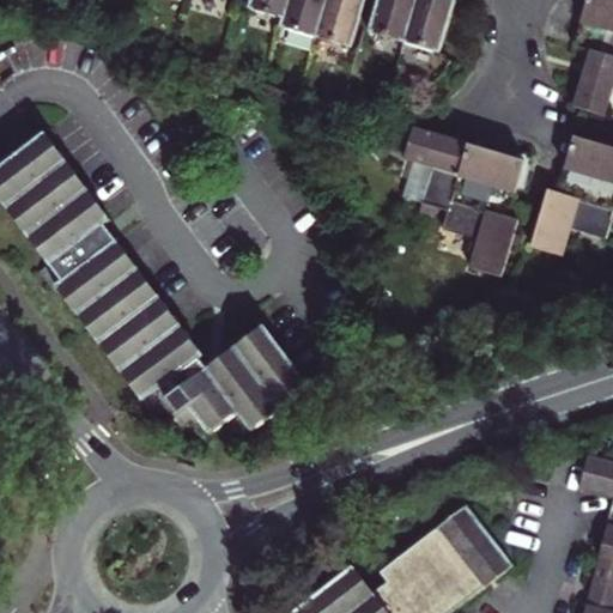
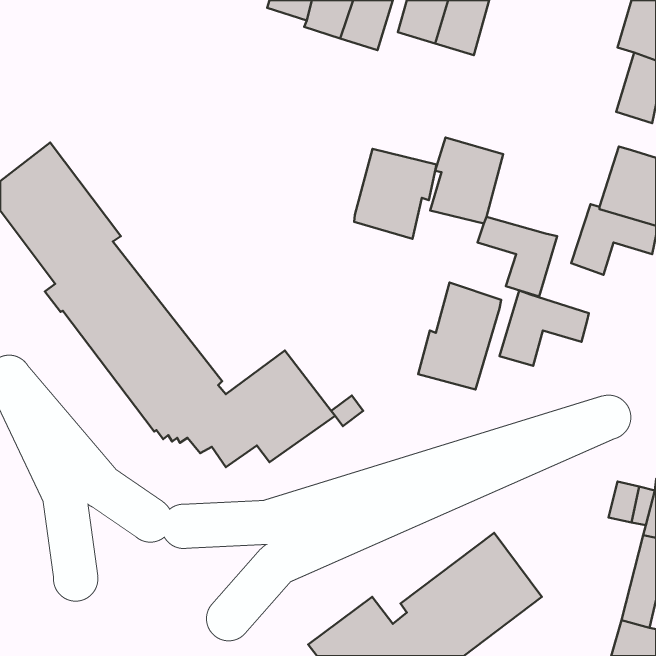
building: none -> [354,149,437,239]
building: [454,144,527,218] -> none
building: none -> [418,283,501,389]
building: none -> [500,290,589,366]

